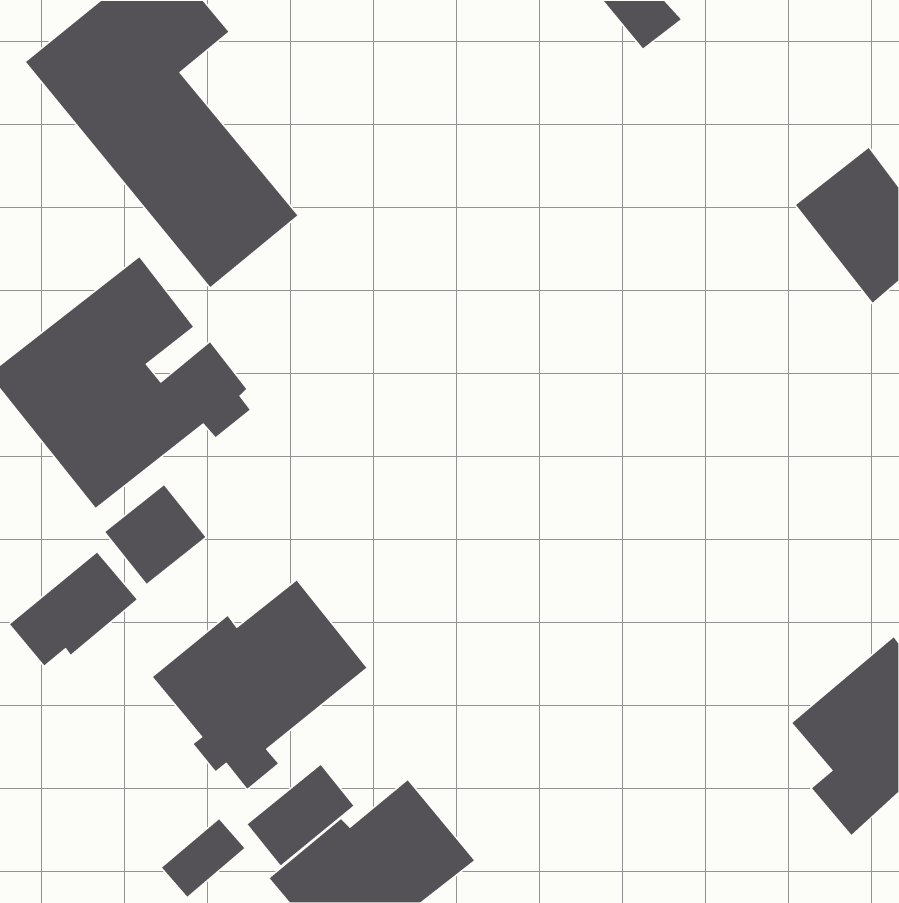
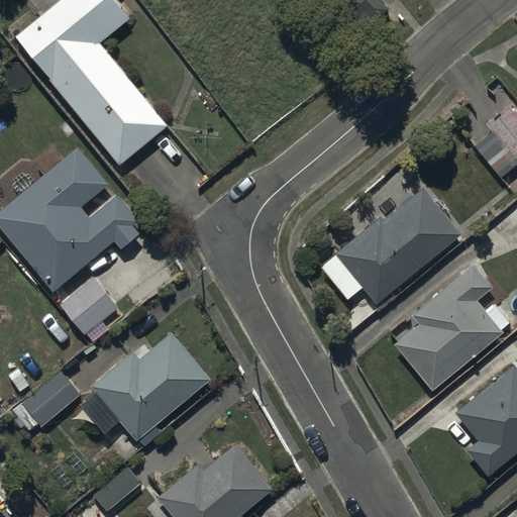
building: none -> [320,184,463,306]
building: none -> [389,265,509,392]
building: [9,552,138,667] -> [9,369,83,434]
building: [247,764,355,866] -> none

